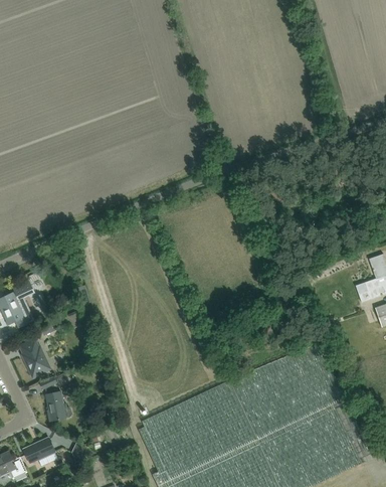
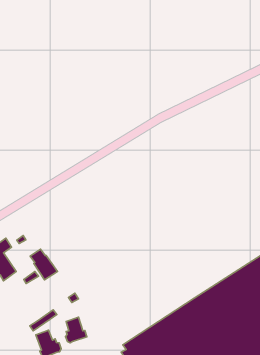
building: [20,340,48,375] -> [30,249,57,280]
building: none -> [65,317,87,343]

